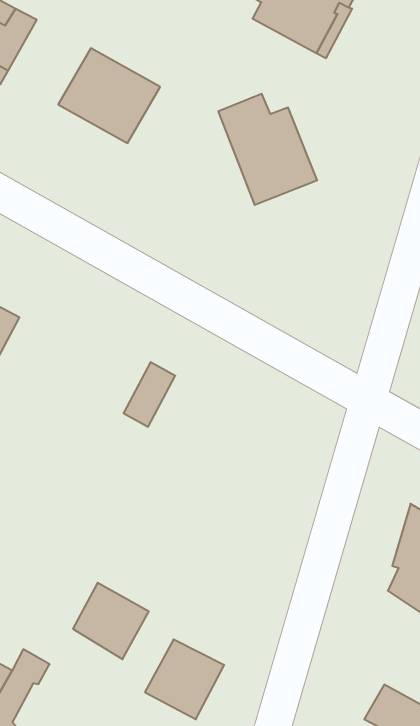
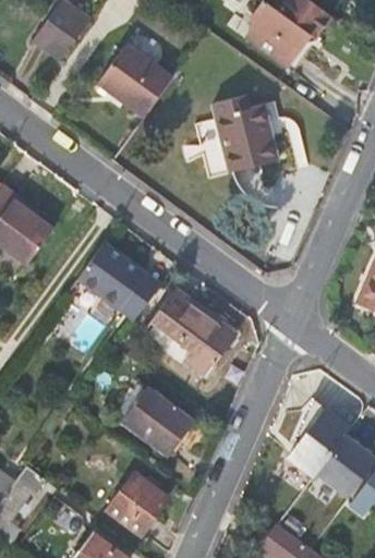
building: none -> [78,244,142,307]
building: none -> [152,290,233,376]
building: [73,583,149,659] -> [128,393,183,450]

